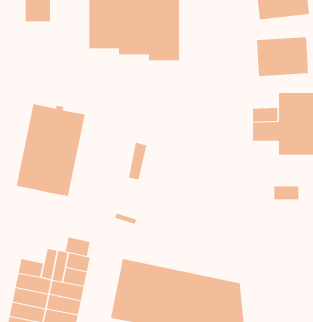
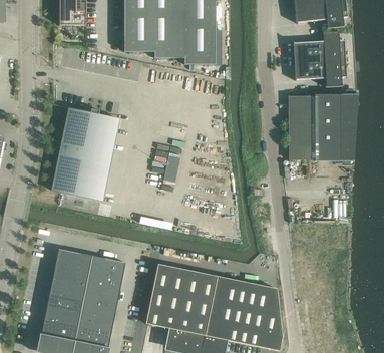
building: none -> [289,95,315,111]
building: [273,186,299,200] -> [289,144,315,158]
building: [65,237,91,257] -> [55,248,81,268]

